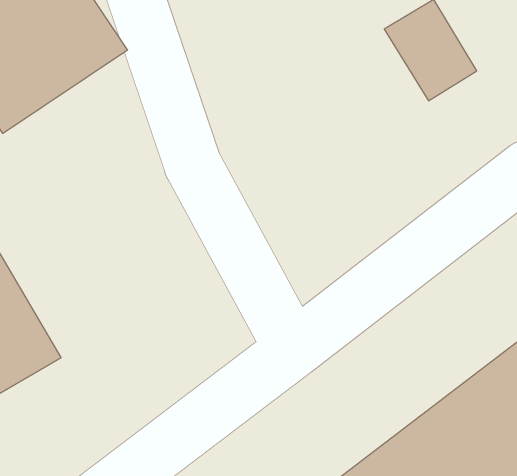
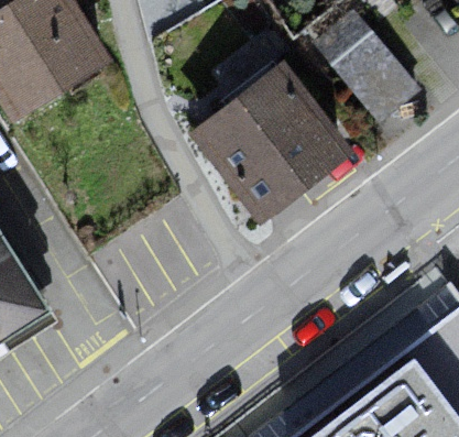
building: none -> [194,63,359,229]

